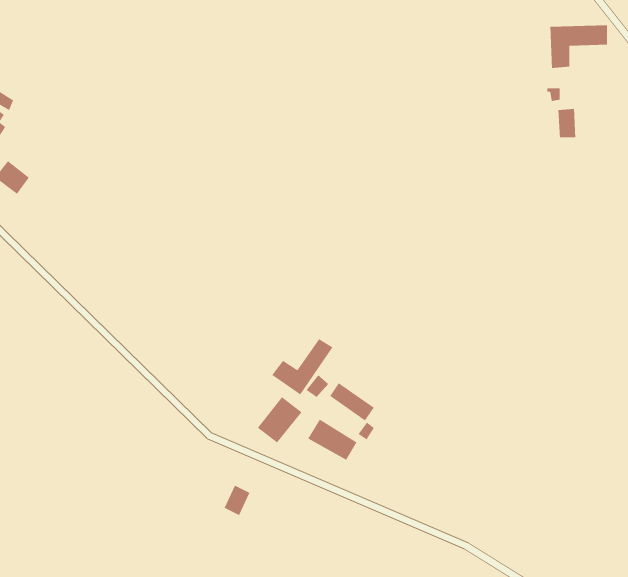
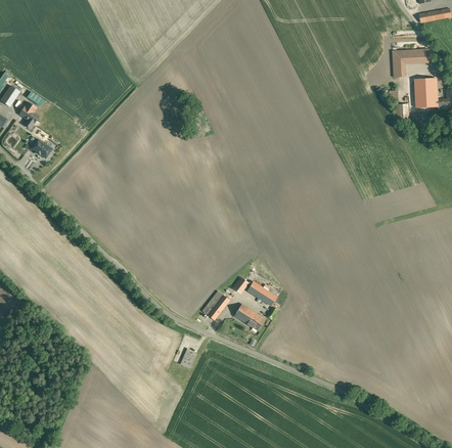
building: none -> [407,79,438,107]
building: [271,338,333,395] -> none

